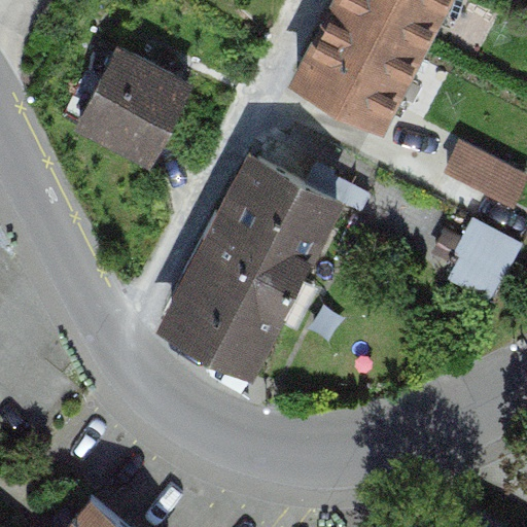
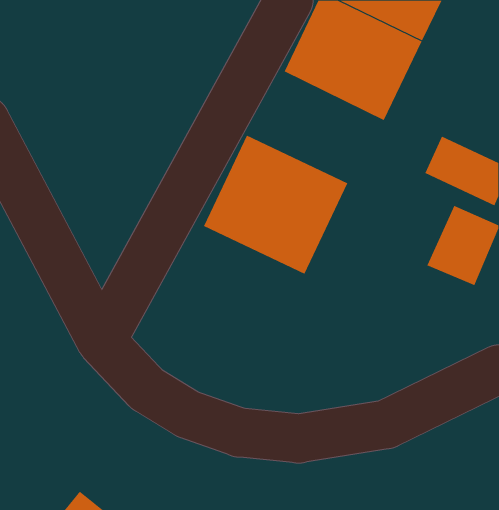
building: [67,42,188,168] -> none
building: [163,236,312,379] -> none

